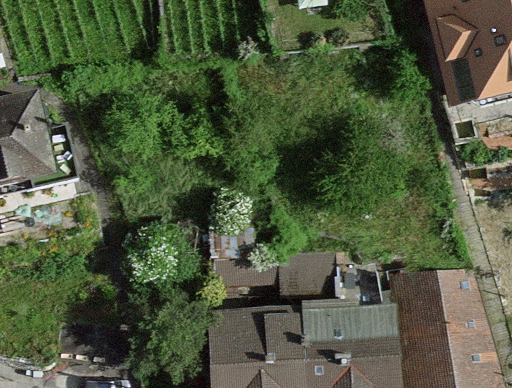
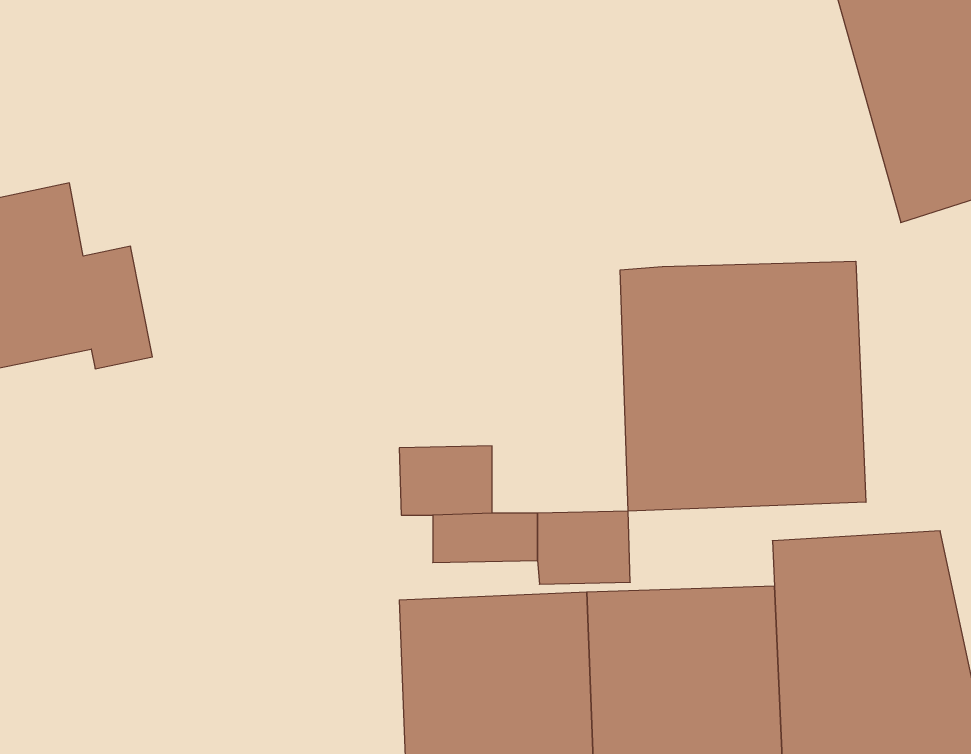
building: none -> [620,261,866,511]

